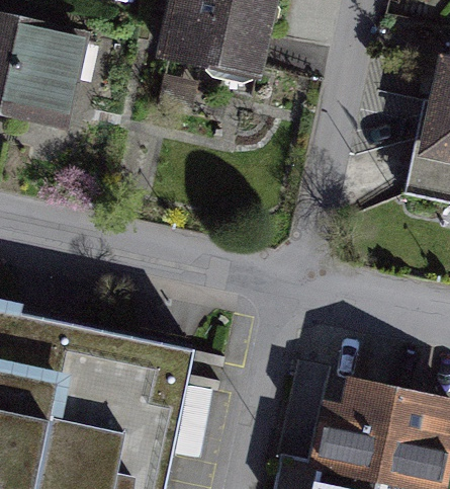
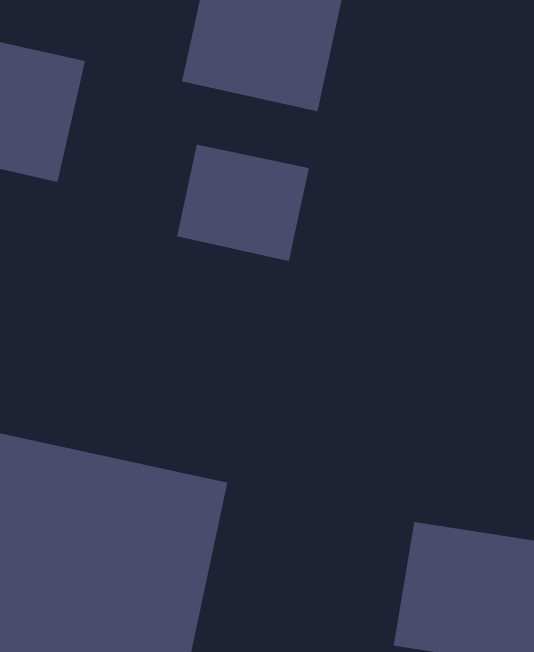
building: none -> [177,144,309,262]

